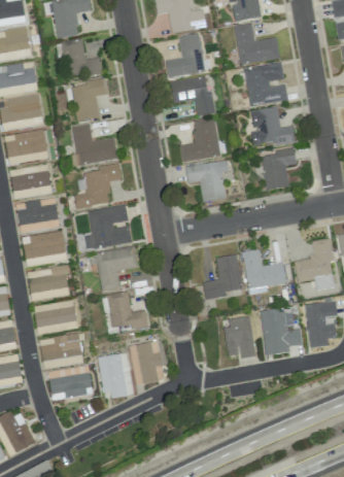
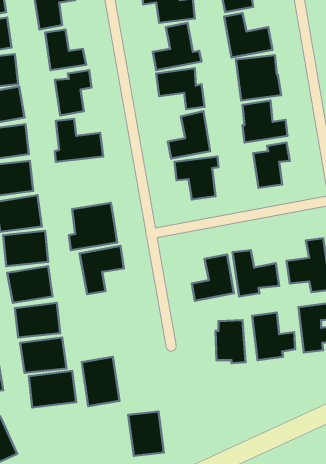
building: [74,163,122,208] -> none
building: [109,292,147,328] -> none
building: [130,341,164,383] -> [128,412,164,456]

